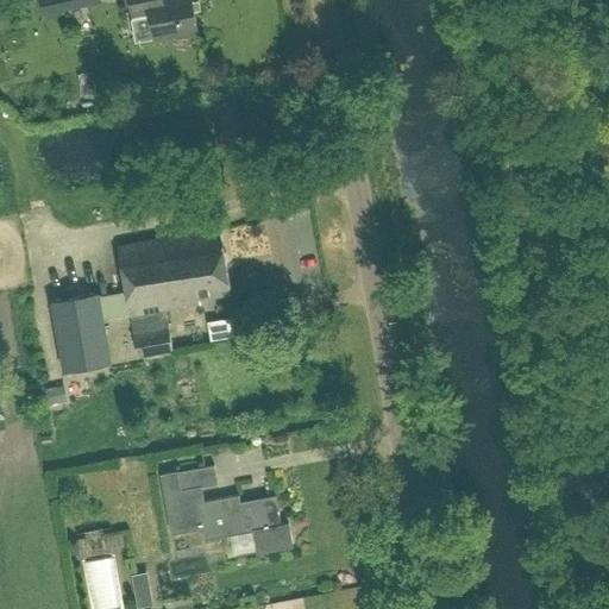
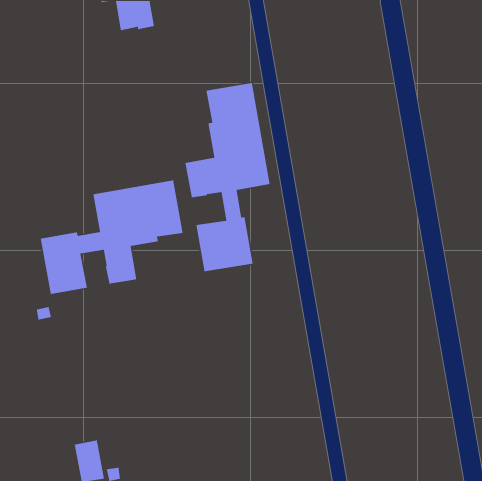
building: none -> [185,82,270,272]
building: [161,467,291,553] -> none

